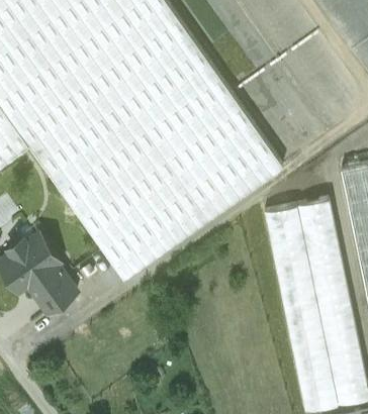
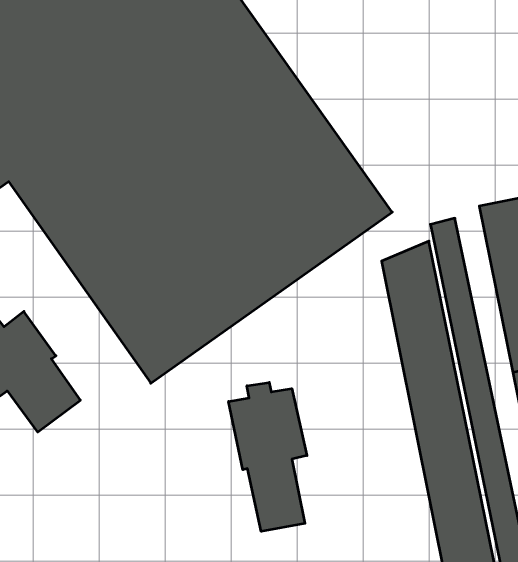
building: none -> [229,382,307,531]

